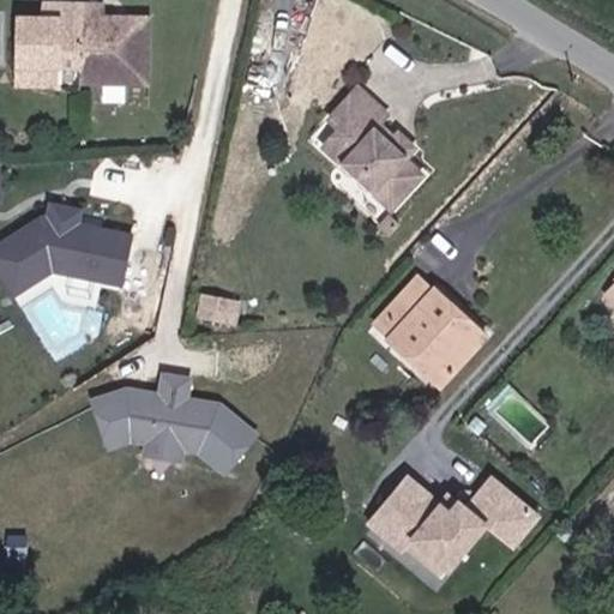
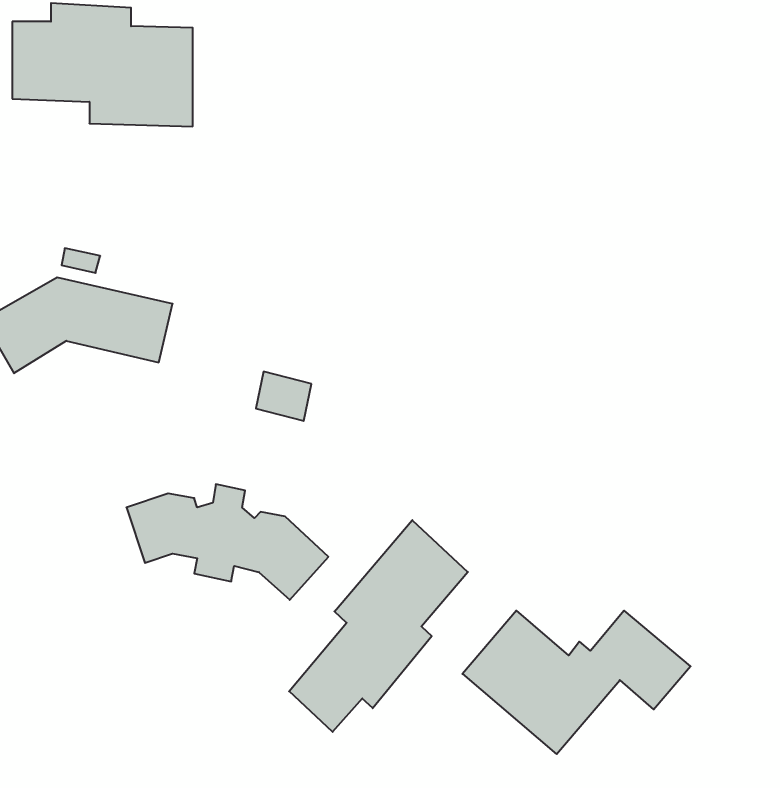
building: [317,88,437,229] -> none
building: [386,276,481,379] -> none
building: none -> [289,520,468,732]

